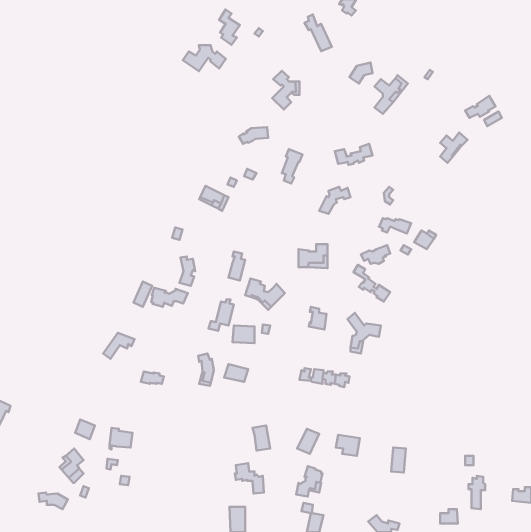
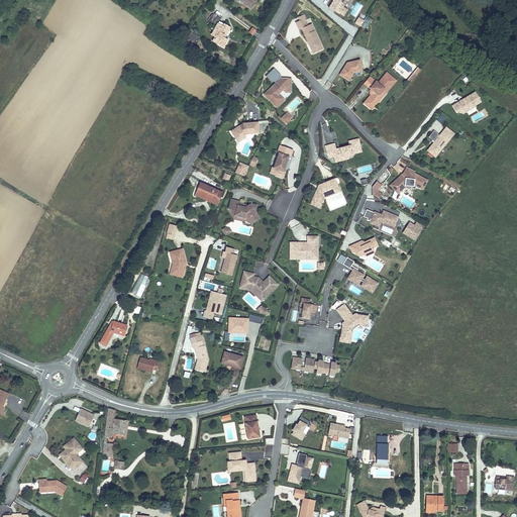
building: [183,45,226,71] -> none
building: none -> [390,169,426,191]
building: none -> [228,198,260,222]
building: [151,288,188,307] -> none

